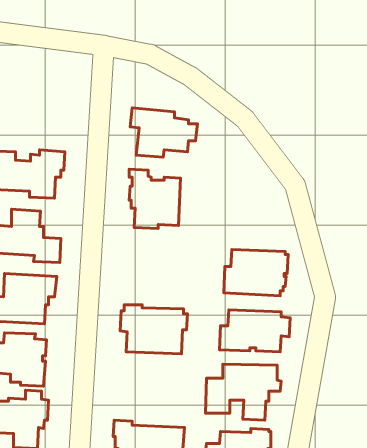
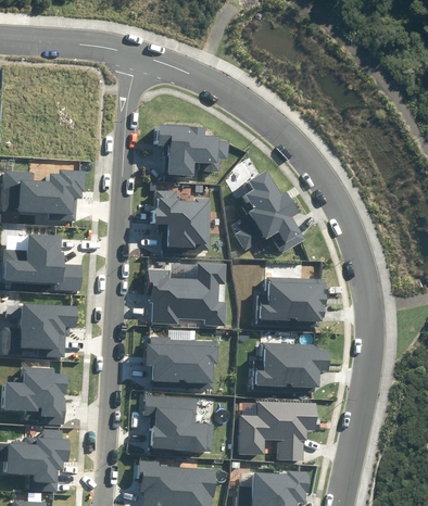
building: none -> [235,172,305,254]
building: none -> [148,263,226,327]
building: none -> [143,395,213,453]

